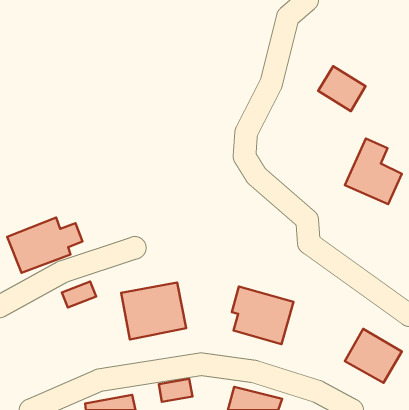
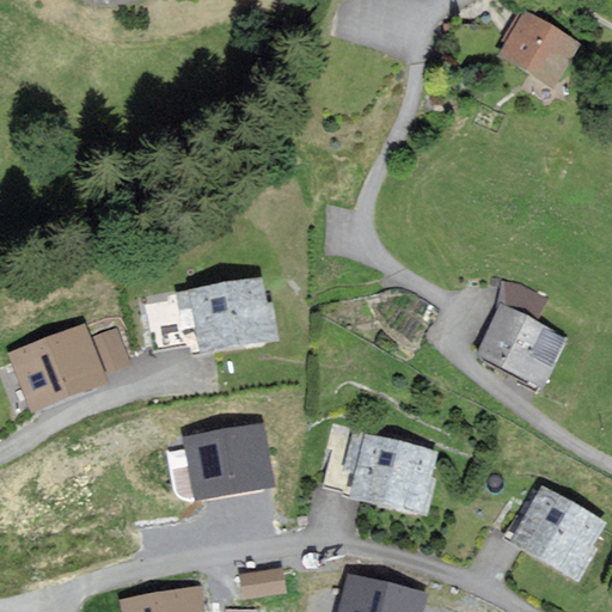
building: [318,66,365,111] -> [504,13,575,80]
building: [345,139,402,204] -> [477,286,562,384]
building: none -> [196,281,275,348]
building: [62,281,96,308] -> none

